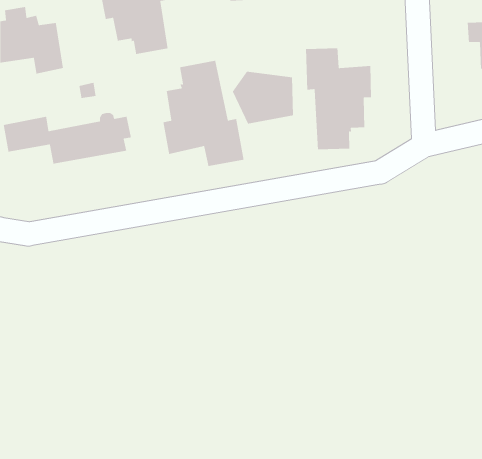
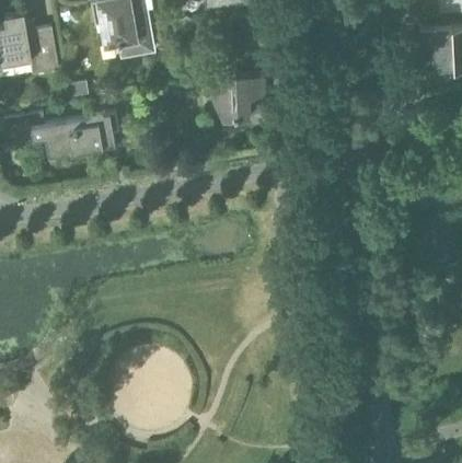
building: [305,47,372,150] -> none
building: [163,60,244,167] -> none

